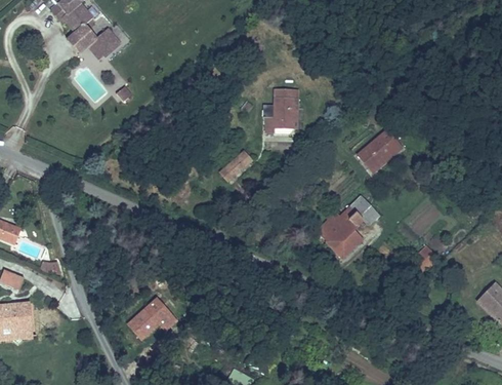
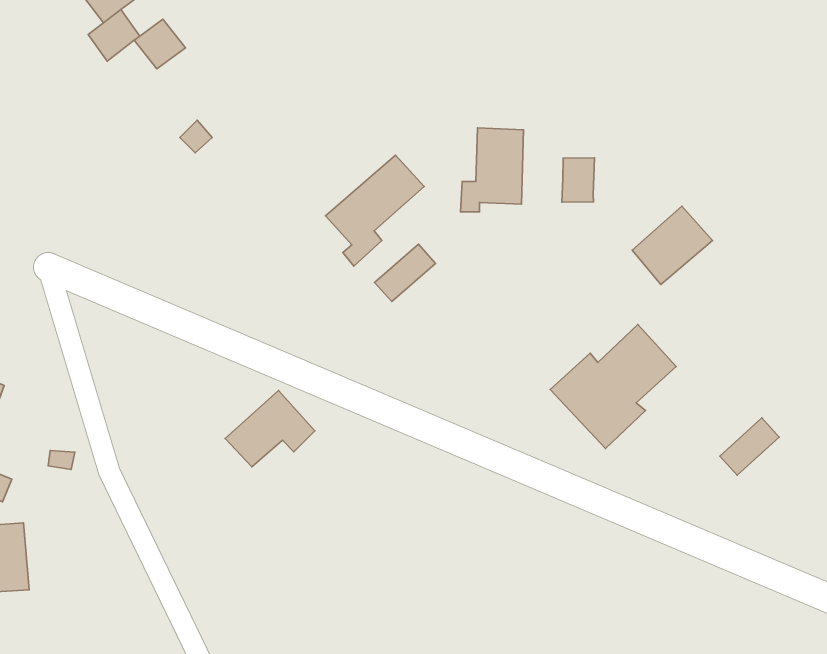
building: none -> [325,155,424,266]
building: none -> [562,158,595,202]
building: [128,297,176,338] -> [225,391,315,467]

